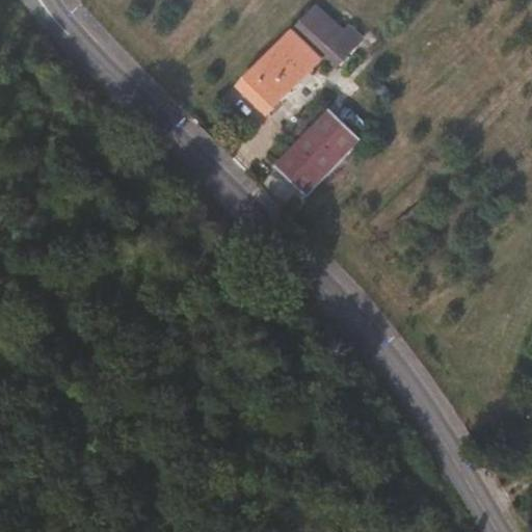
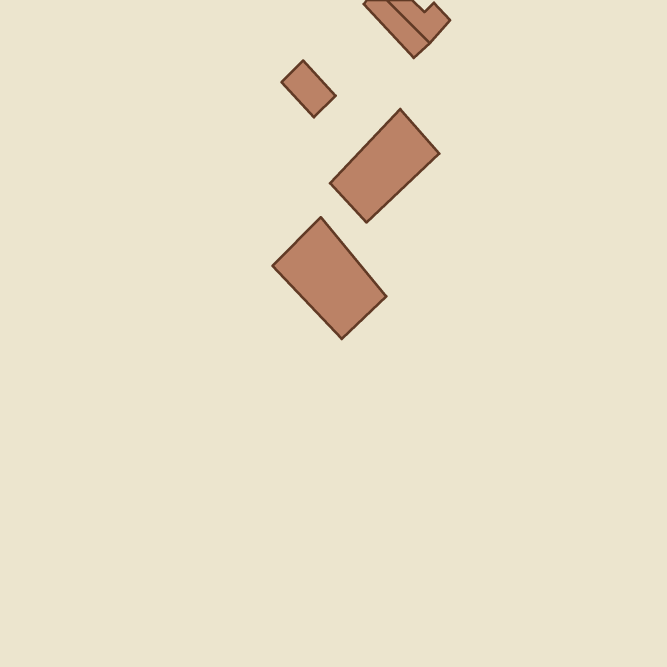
building: [250,25,316,90] -> none
building: none -> [273,217,386,339]

